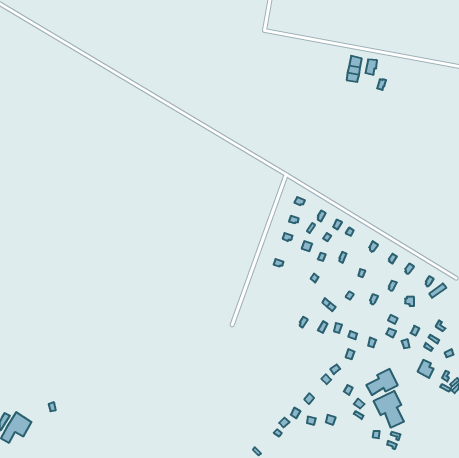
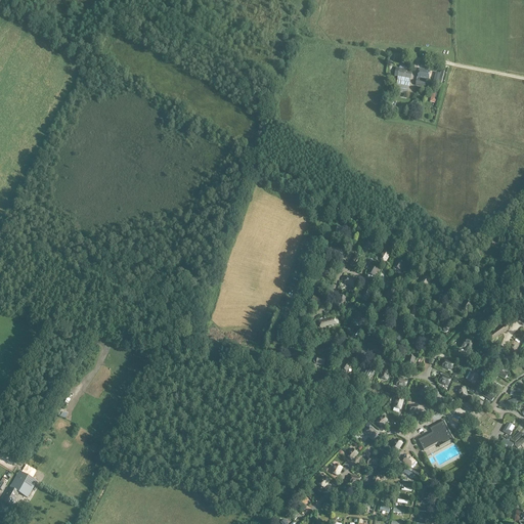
building: [374,391,404,428] -> none

